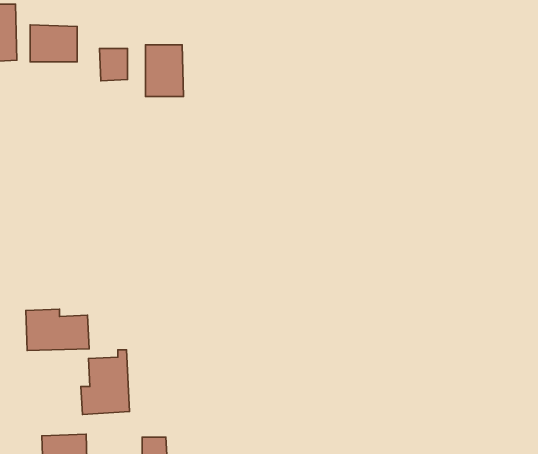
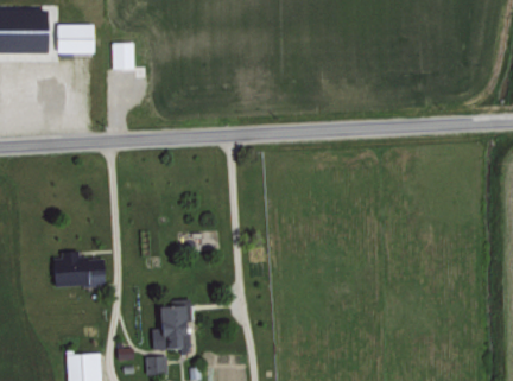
building: [145,45,184,96] -> none
building: [81,350,130,415] -> [152,299,191,351]

